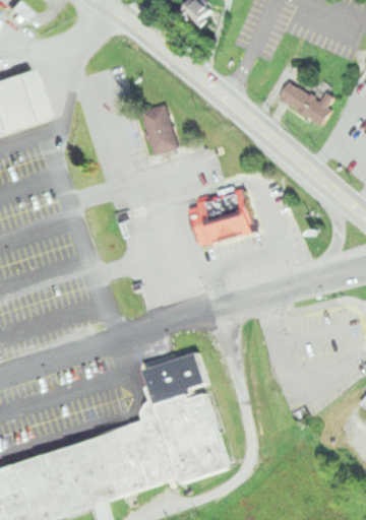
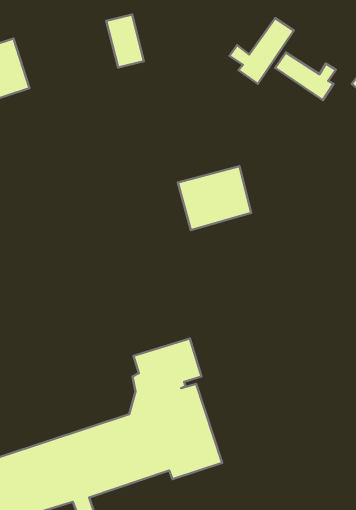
building: none -> [230,18,294,84]
building: [140,107,176,156] -> [106,14,144,68]

